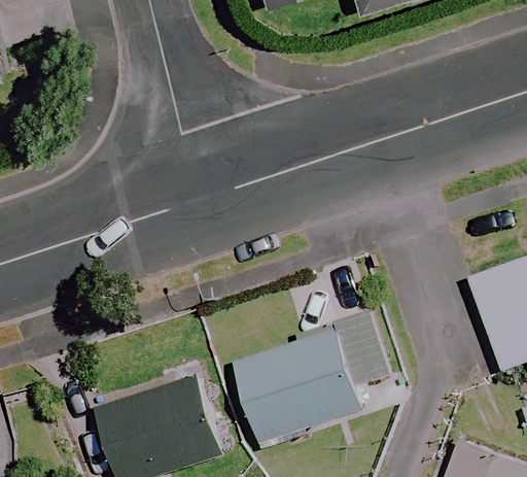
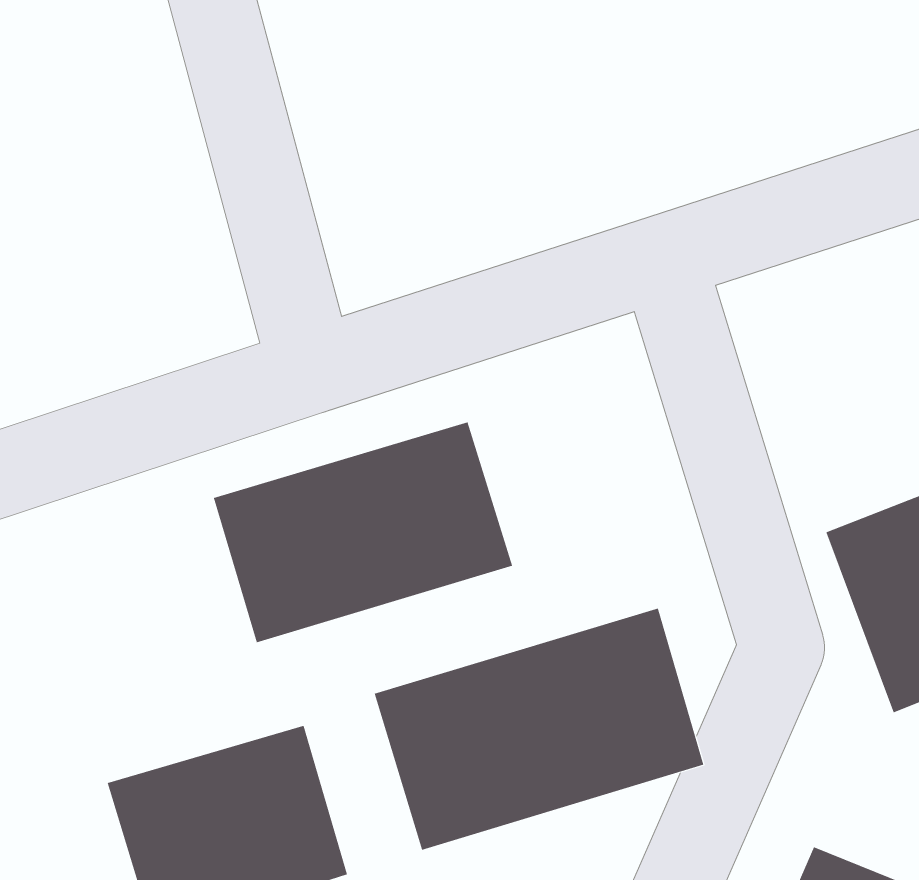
building: none -> [213,422,513,643]

